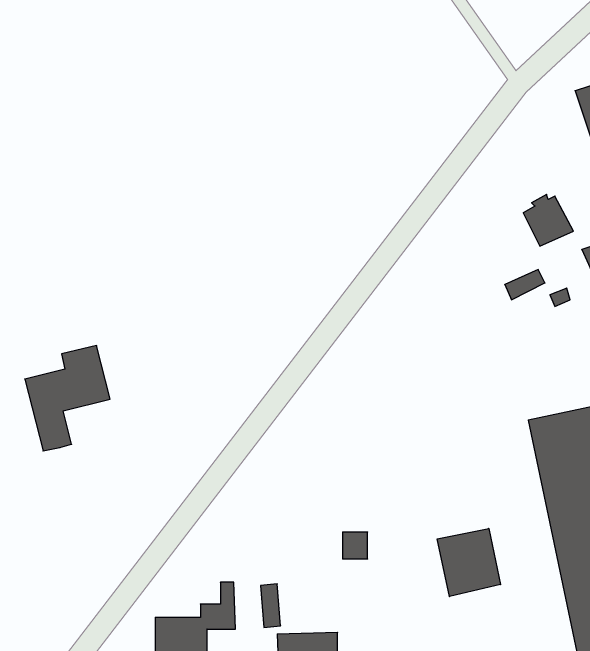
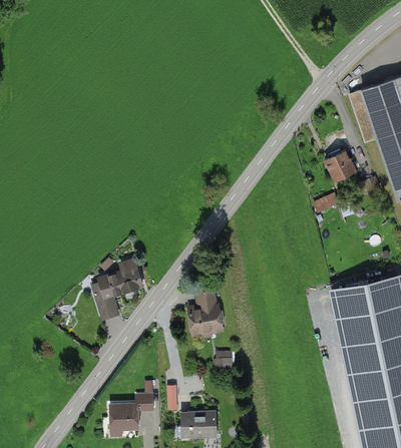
building: [25,346,110,451] -> [92,258,143,321]
building: none -> [184,286,223,340]
building: [437,528,501,597] -> none

